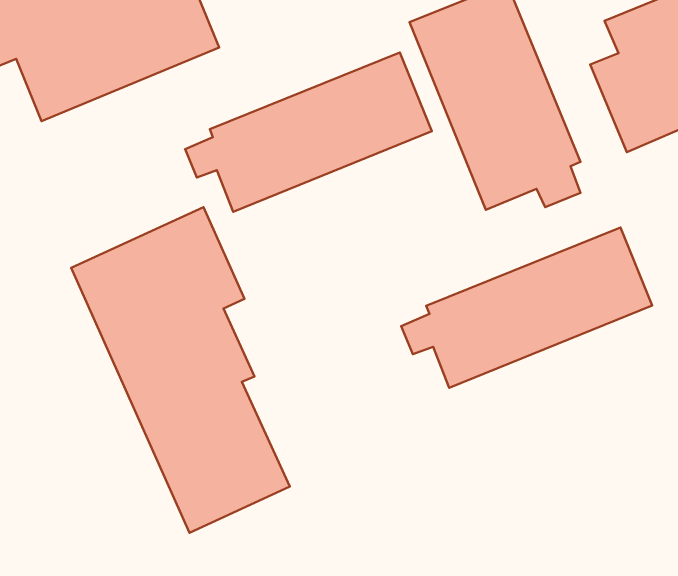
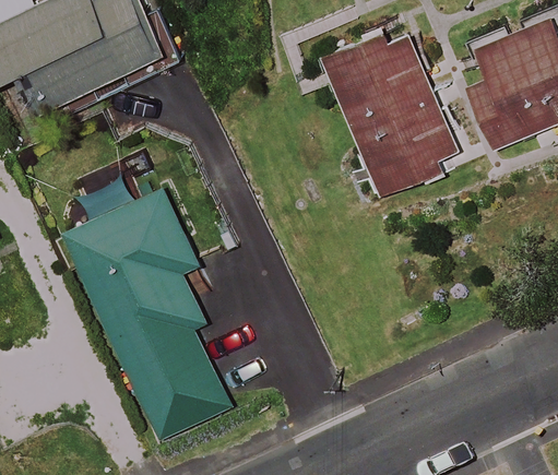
building: [185,52,432,212] -> none
building: [401,227,652,388] -> none

